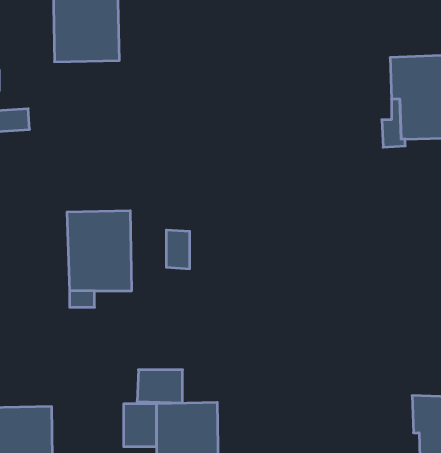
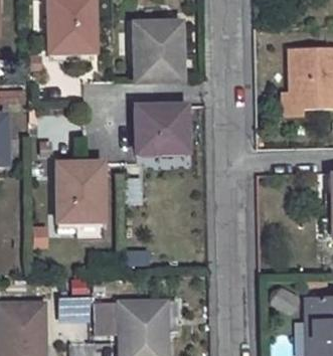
building: none -> [134,22,184,80]
building: none -> [136,105,186,151]
building: [137,370,183,403] -> [60,297,94,321]

